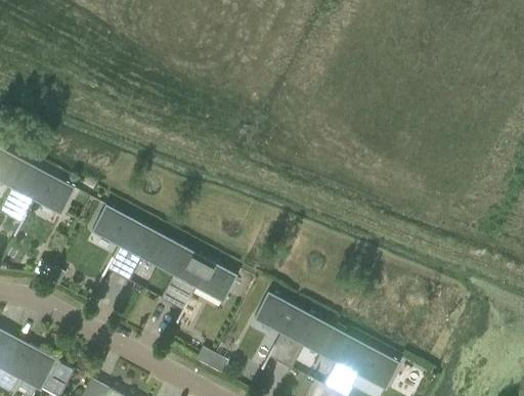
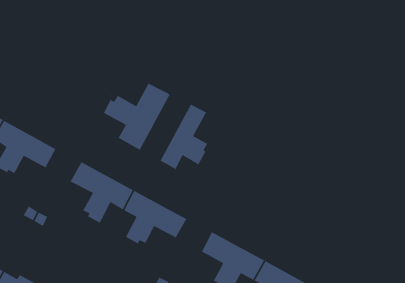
building: none -> [102,83,171,151]
building: none -> [160,103,218,170]

